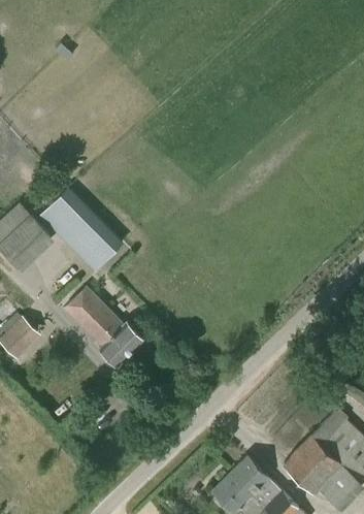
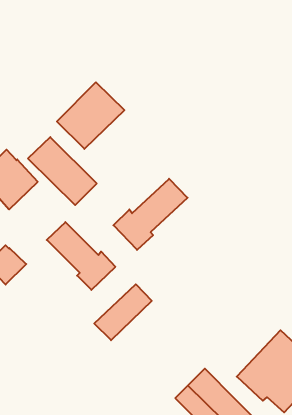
building: none -> [57,82,124,149]
building: none -> [113,179,188,250]
building: none -> [94,284,152,340]

